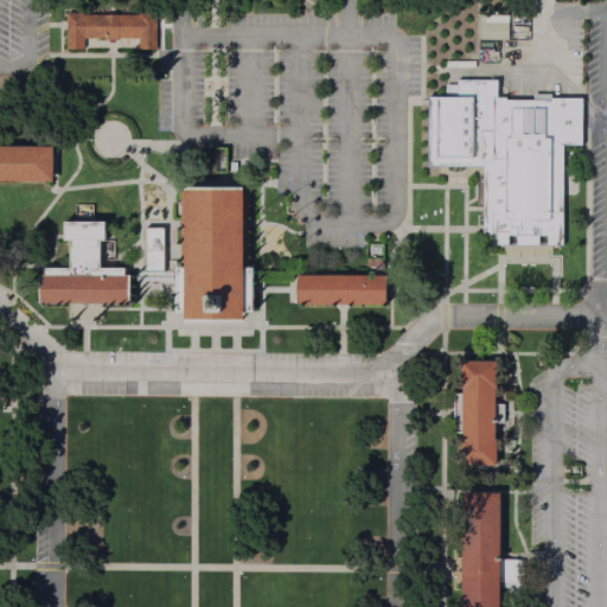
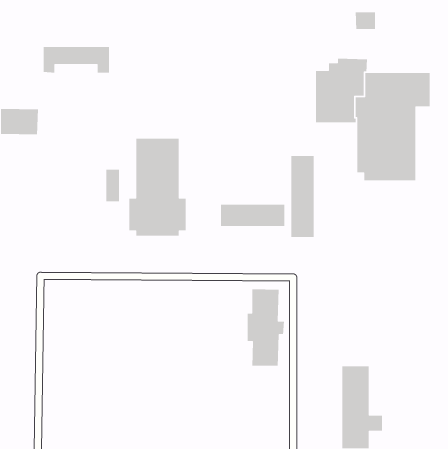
building: [68,13,158,50] -> [43,46,110,74]
building: none -> [290,155,315,238]
building: [39,222,132,305] -> none
building: [454,360,505,466] -> [247,288,285,367]

